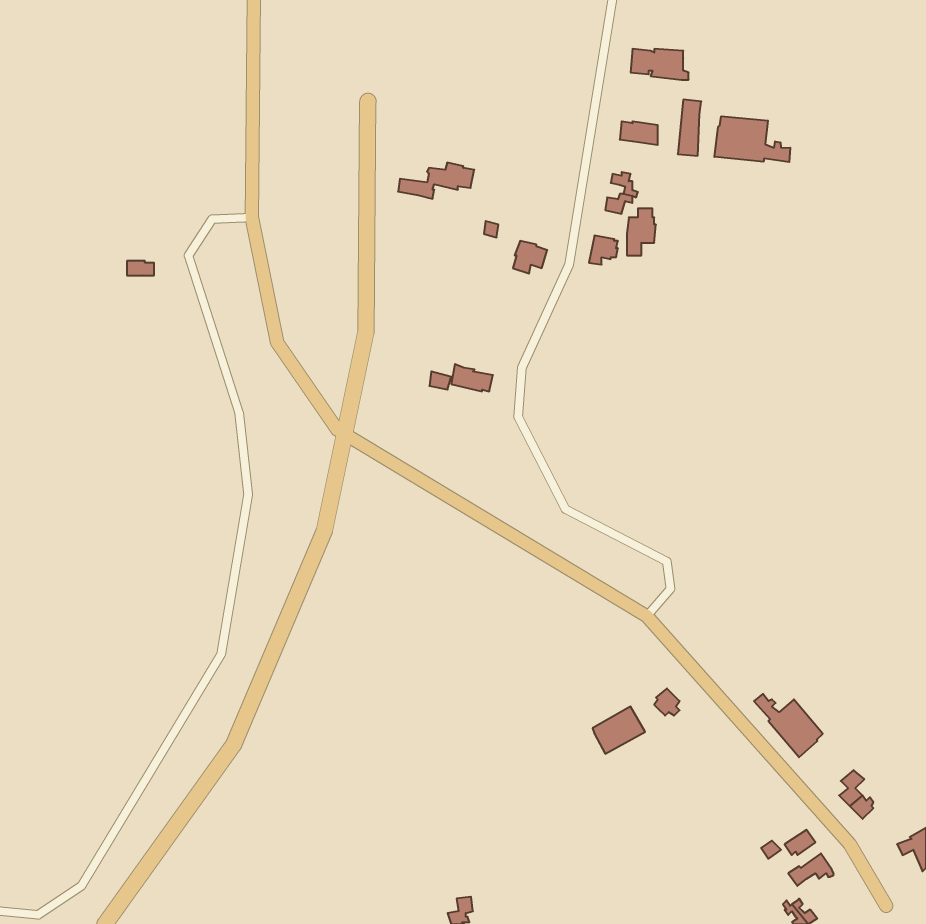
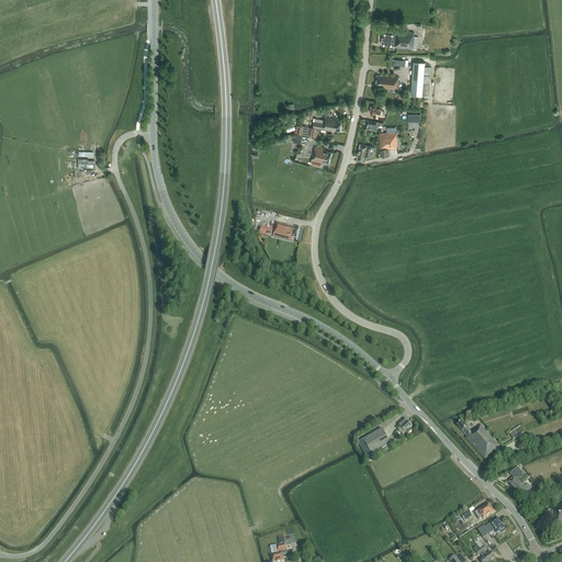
building: [714,116,790,162] -> none
building: [398,163,474,199] -> [295,114,341,136]

